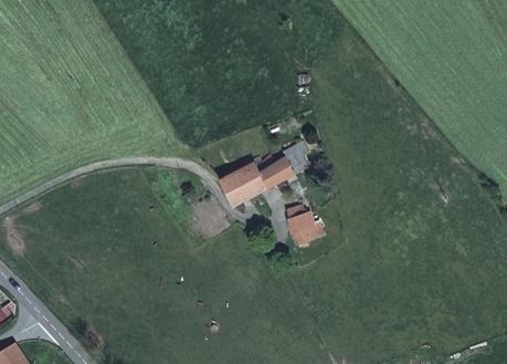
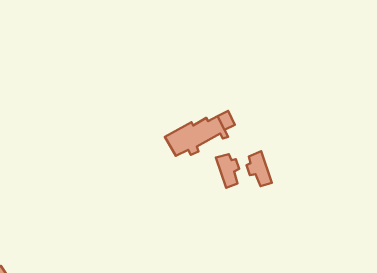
building: none -> [247,151,272,186]

